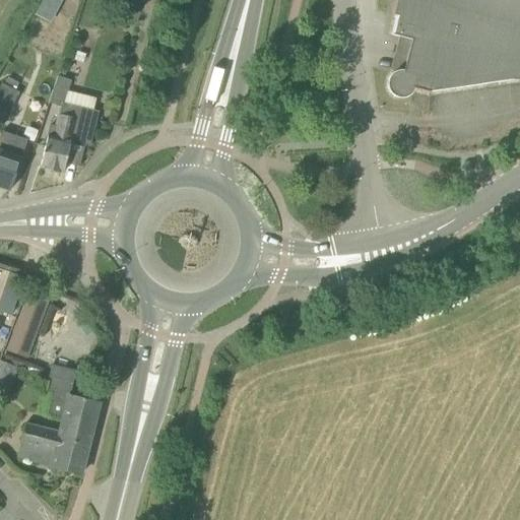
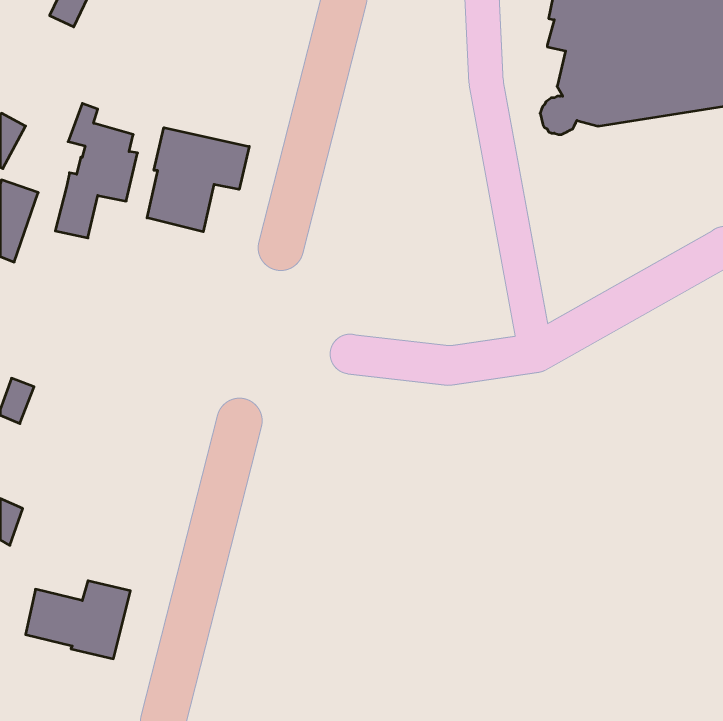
building: none -> [147,128,249,232]
building: [9,292,49,353] -> none
building: [45,376,100,424] -> none

